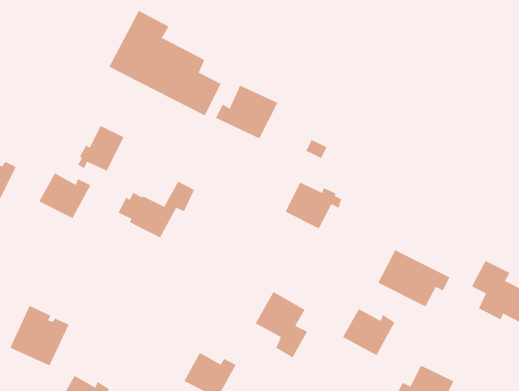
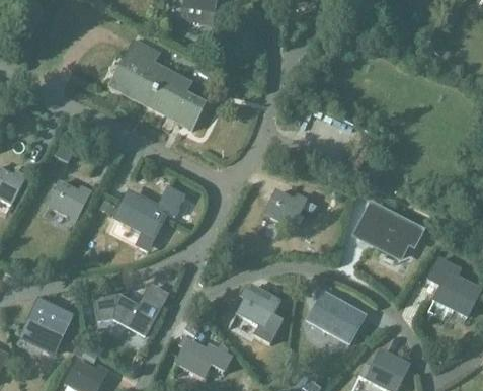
building: [215,85,278,139] -> none
building: [78,125,124,172] -> none
building: [378,250,450,307] -> [356,205,420,255]
building: none -> [92,279,163,327]

